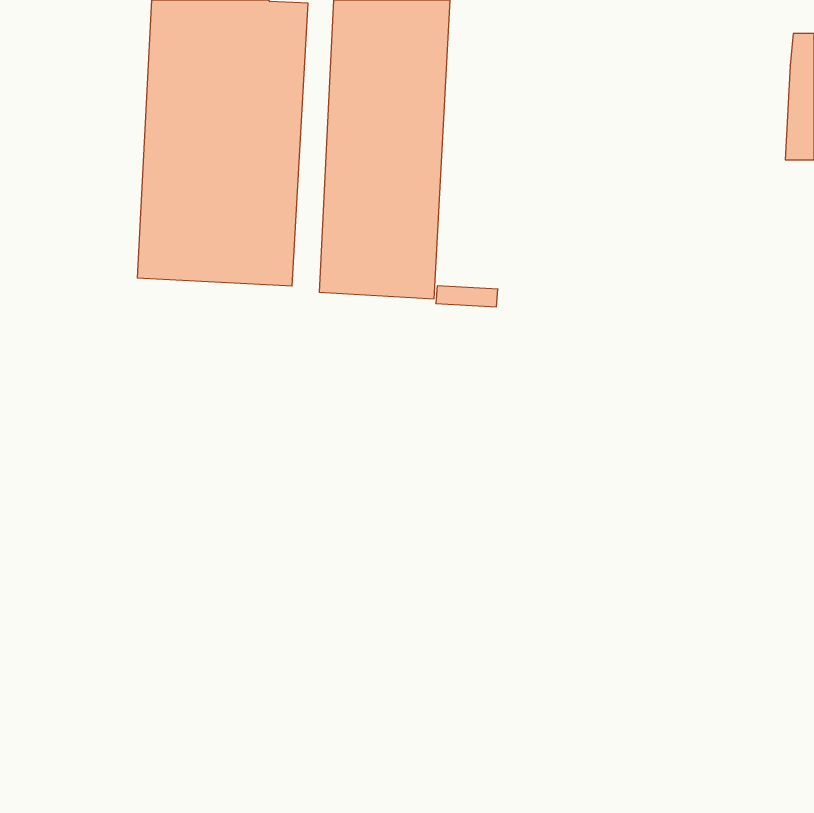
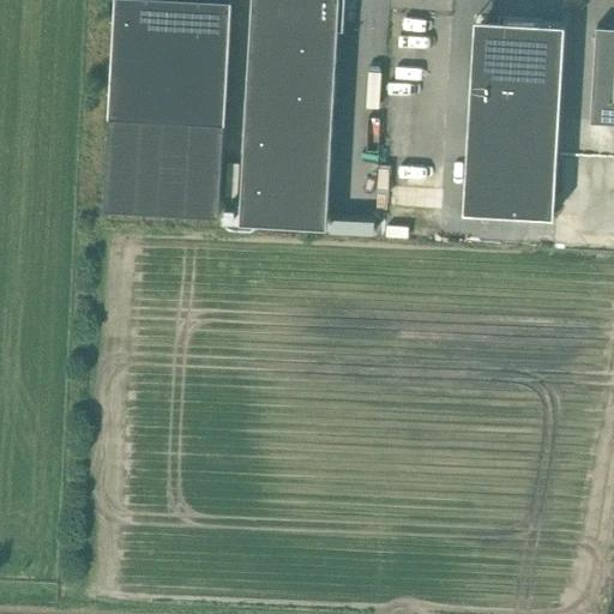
building: none -> [463,19,564,217]

